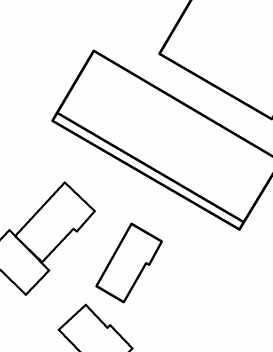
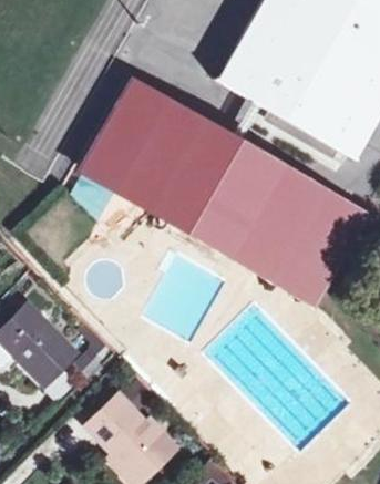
building: [15,182,95,262] -> none
building: [97,224,162,302] -> none

